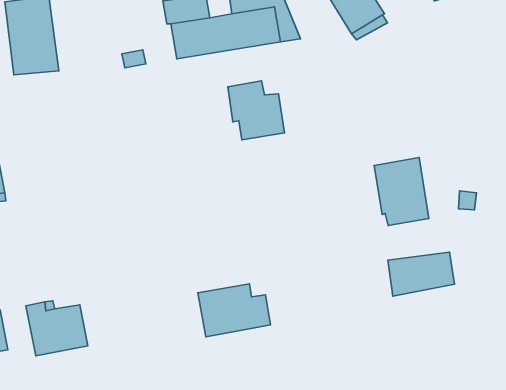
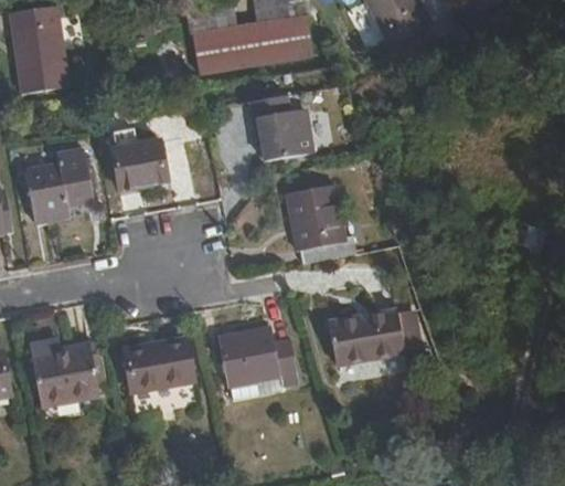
building: none -> [113,140,168,190]
building: none -> [28,151,95,221]
building: [374,158,429,226] -> [291,187,352,262]
building: [388,252,455,296] -> [331,314,405,362]
building: none -> [130,338,199,391]

